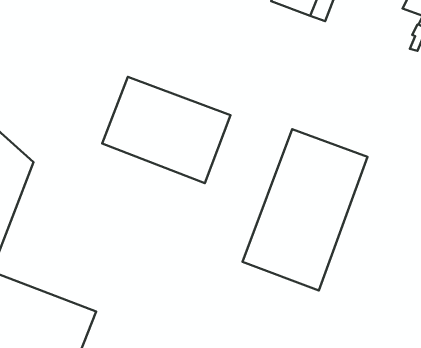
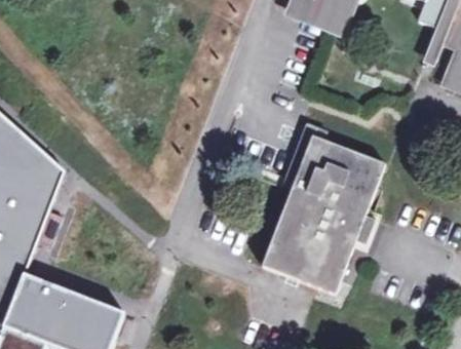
building: [102,77,230,183] -> none

